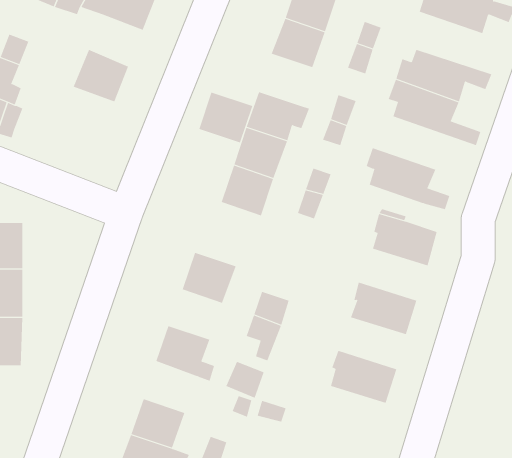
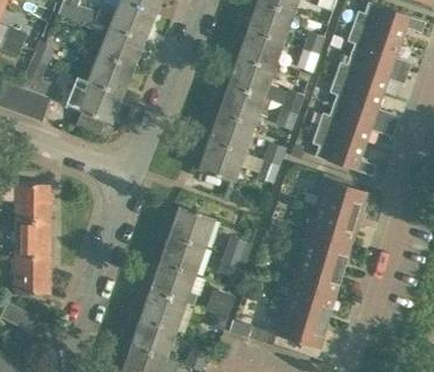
building: none -> [345,25,410,72]
building: none -> [100,27,141,66]
building: none -> [65,77,120,134]
building: [198,92,253,143] -> [229,57,270,96]
building: none -> [315,104,395,145]
building: none -> [305,205,358,244]
building: none -> [160,236,202,274]
building: none -> [289,257,342,296]
building: none -> [141,290,183,329]
building: none -> [273,309,326,348]

